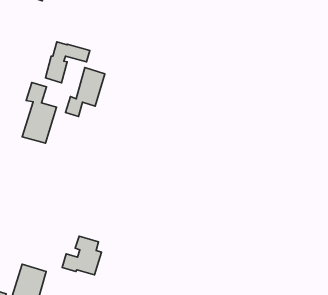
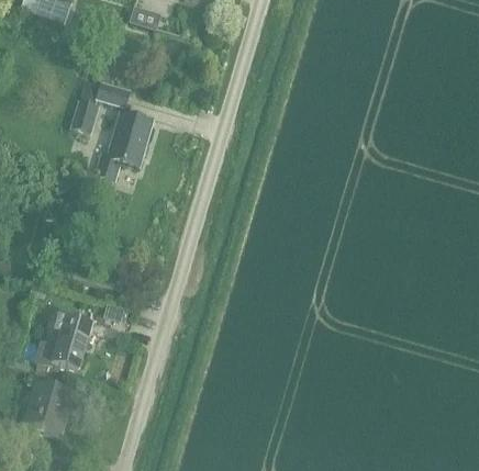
building: [22,82,56,143] -> none
building: [62,236,102,275] -> [35,314,89,367]

